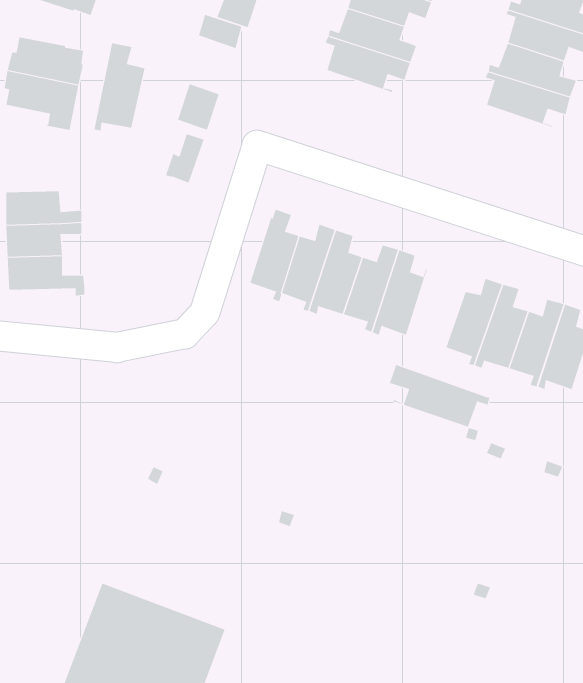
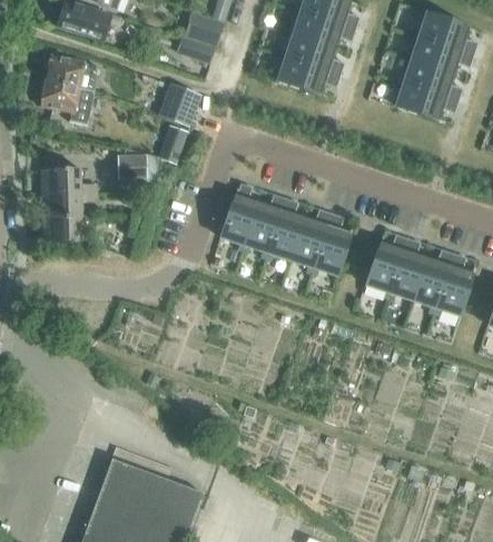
building: [94,43,145,132] -> none
building: none -> [118,154,145,177]
building: [389,364,490,427] -> none

